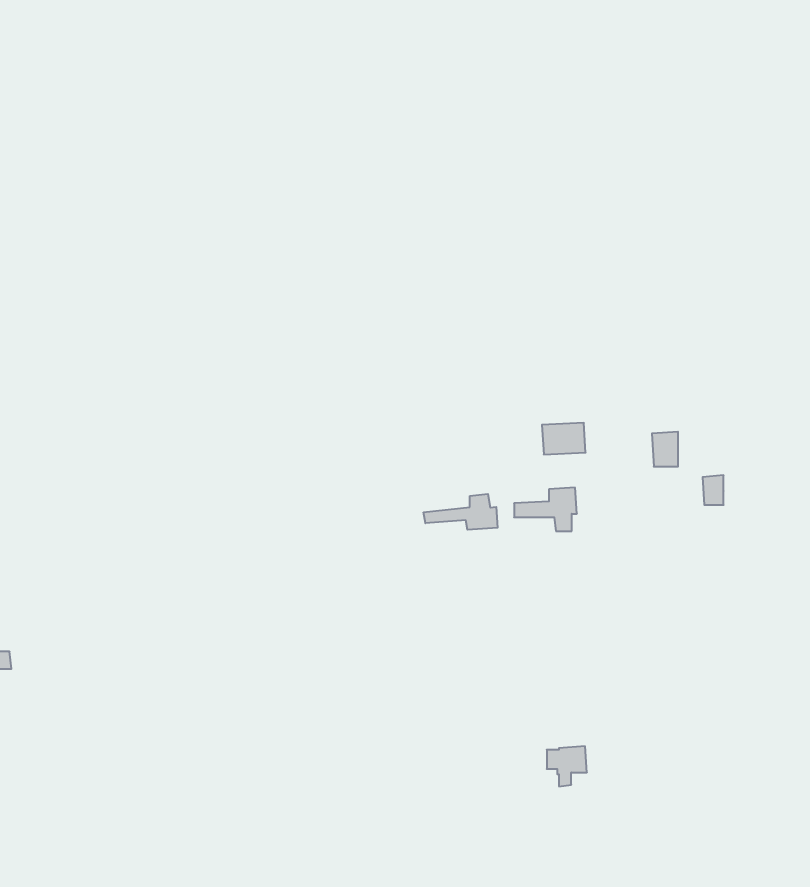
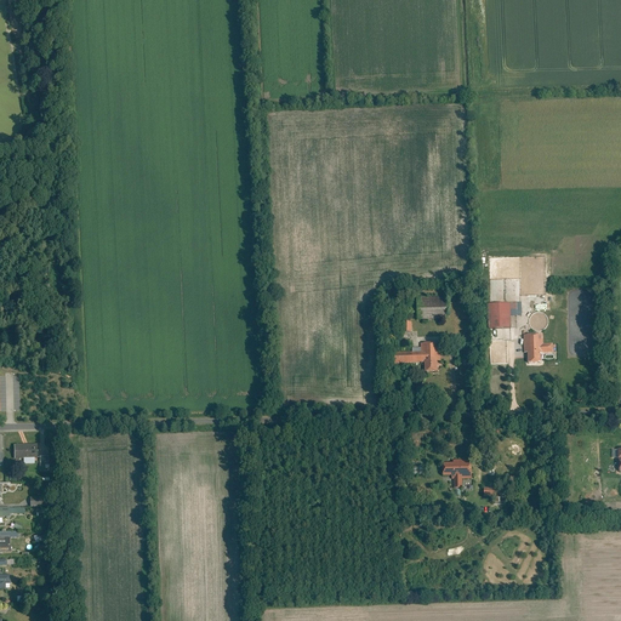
building: [424,494,498,530] -> none
building: [547,746,587,786] -> [441,460,469,488]

